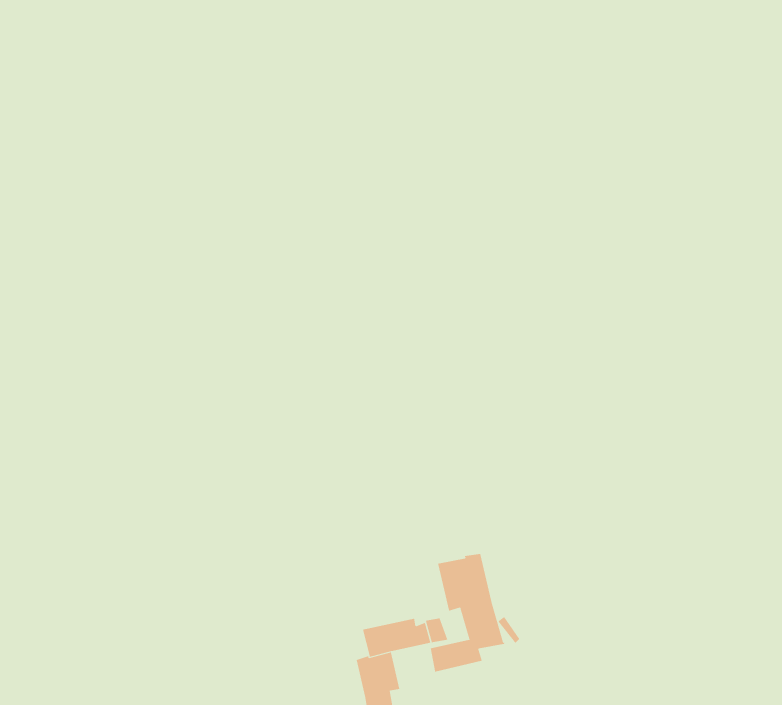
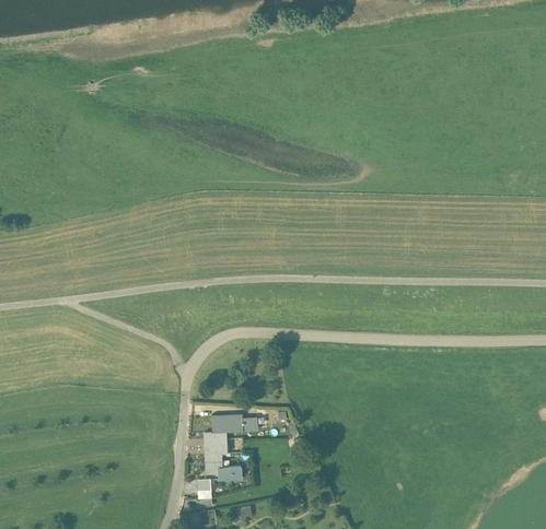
building: [430,553,506,672] -> none

